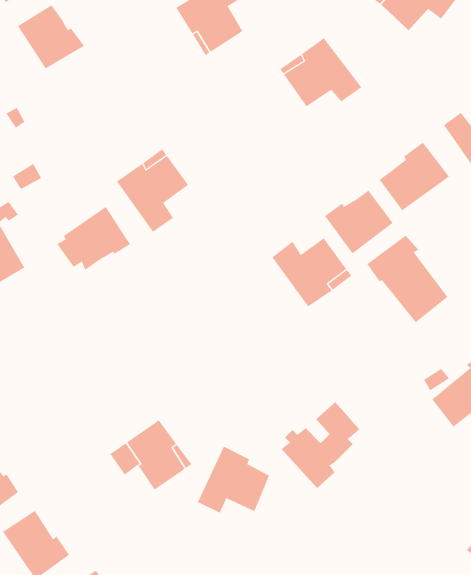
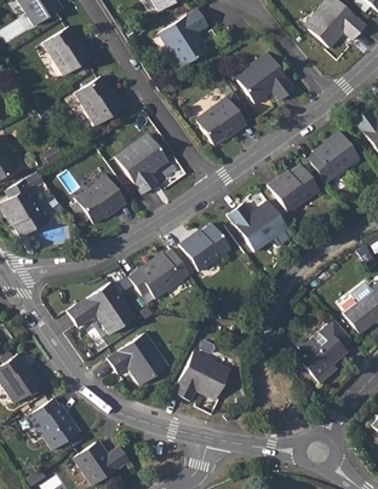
building: none -> [74,76,122,125]
building: none -> [195,96,246,144]
building: [367,235,448,323] -> none
building: none -> [181,223,230,270]
building: none -> [130,249,190,298]
building: none -> [69,282,137,333]
building: [281,401,360,489] -> [297,323,355,387]

